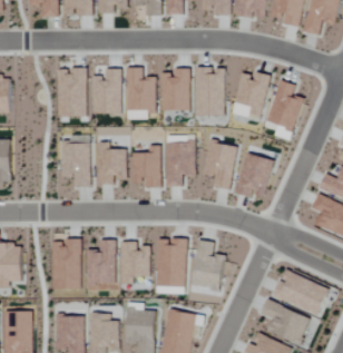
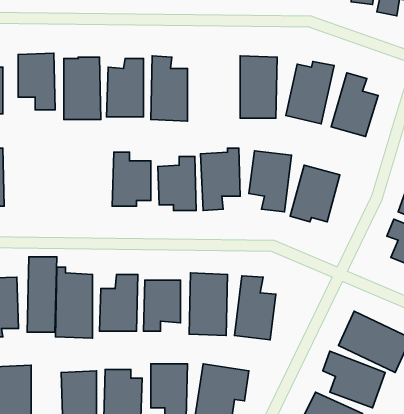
building: [159,68,188,111] -> none
building: [60,143,89,187] -> [18,53,55,110]
building: none -> [27,257,57,332]

